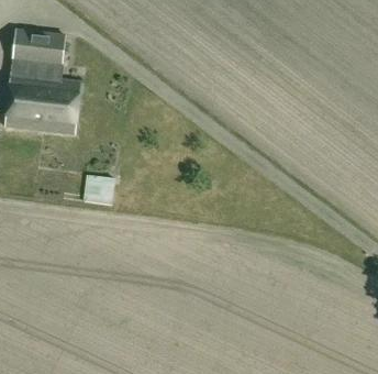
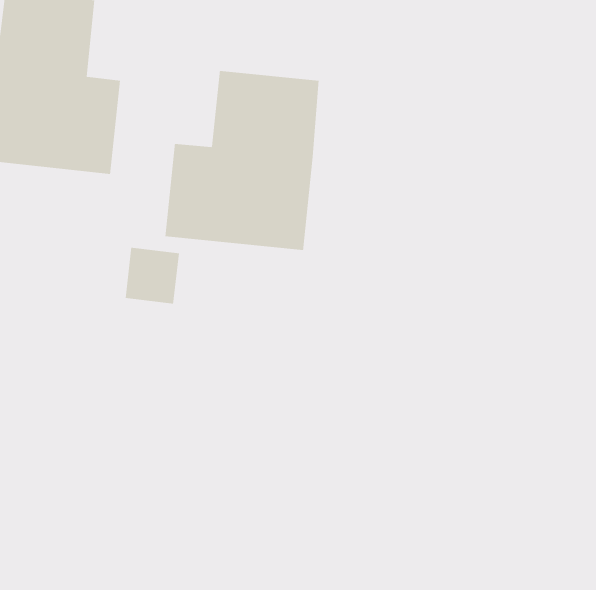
building: none -> [165,70,319,251]

